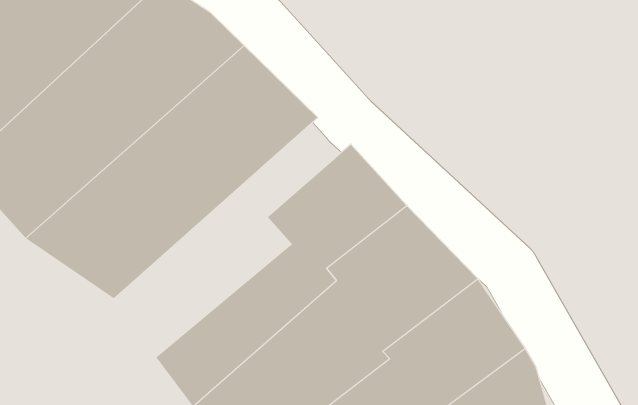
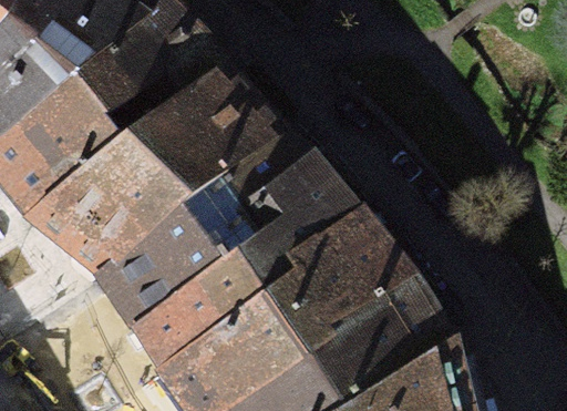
building: none -> [103,142,313,337]

